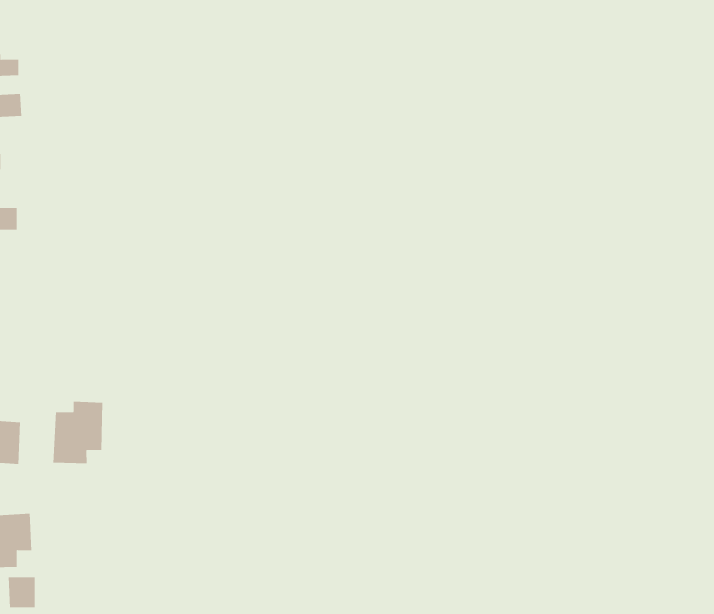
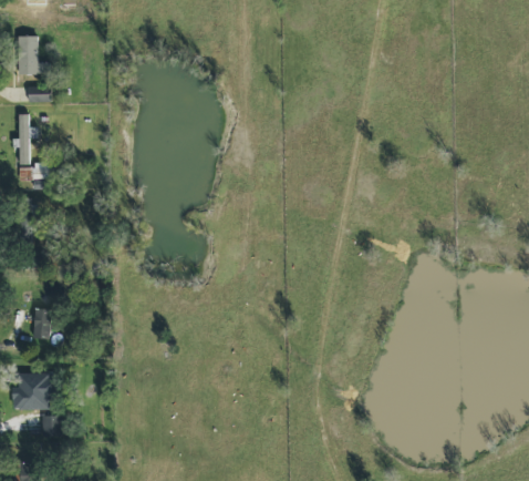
building: [53,401,103,464] -> none

